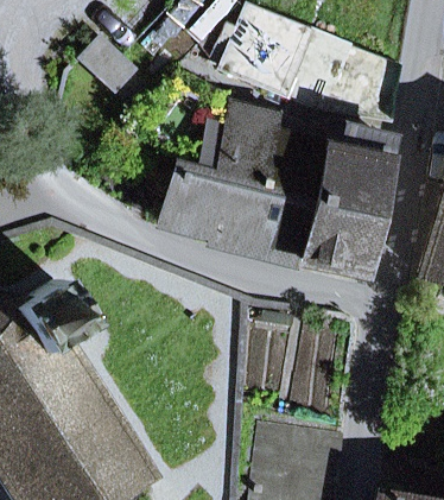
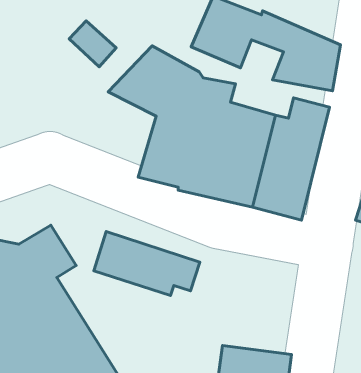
building: none -> [94,231,200,296]

